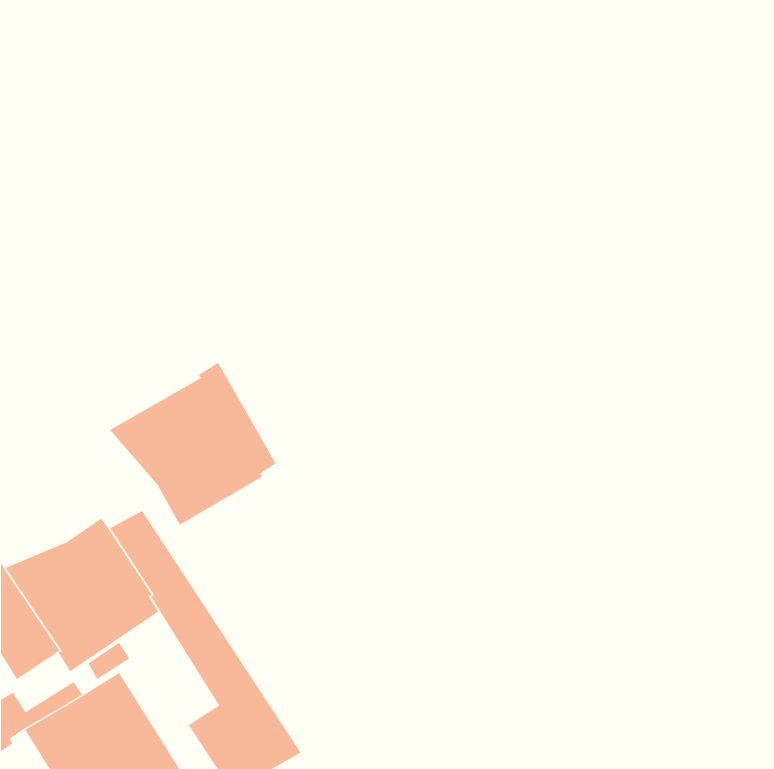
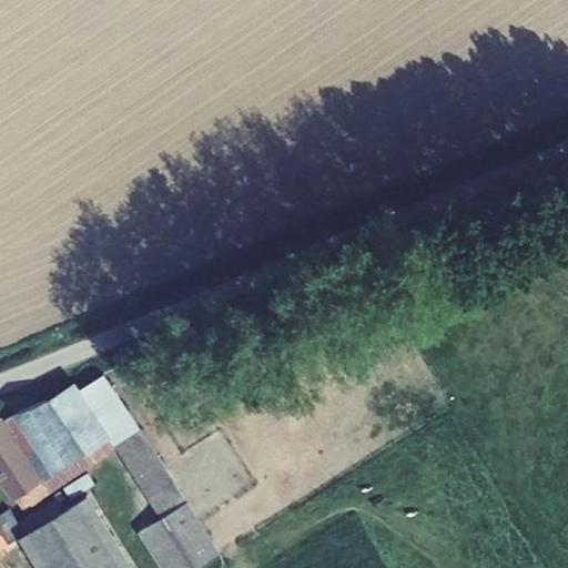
building: [109,362,277,525] -> none

